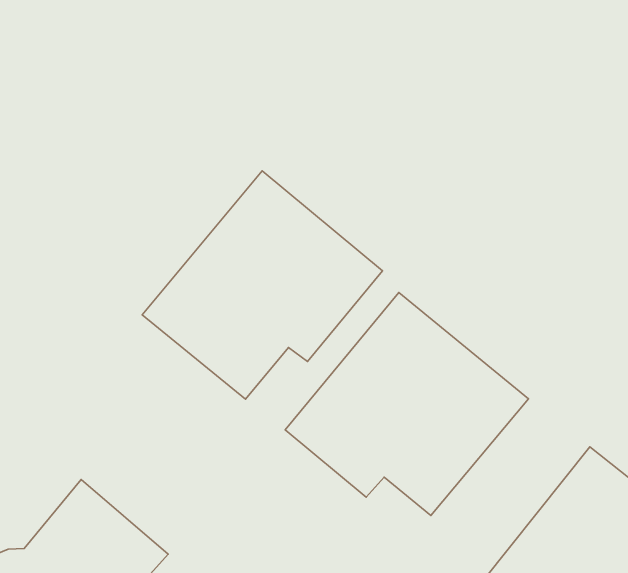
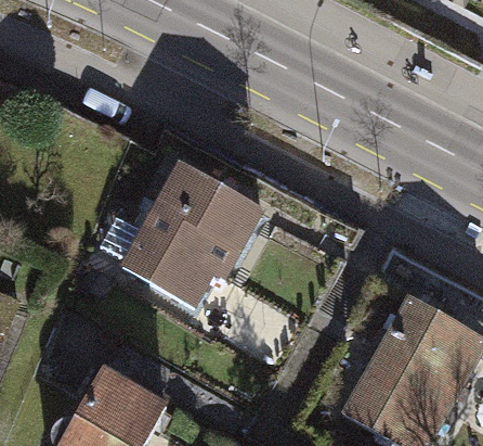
building: [285,293,528,515] -> none

